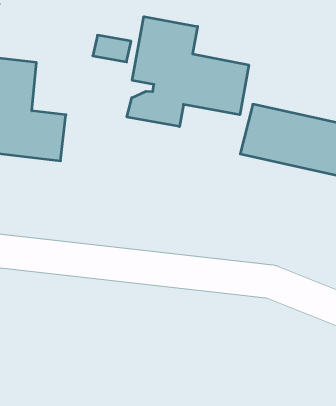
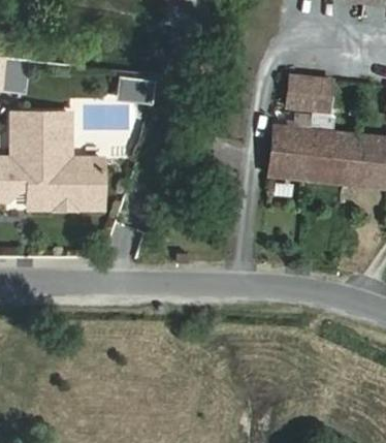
building: [127,17,249,127] -> none
building: none -> [287,76,332,113]

